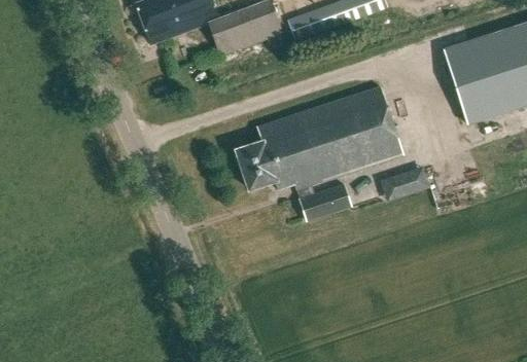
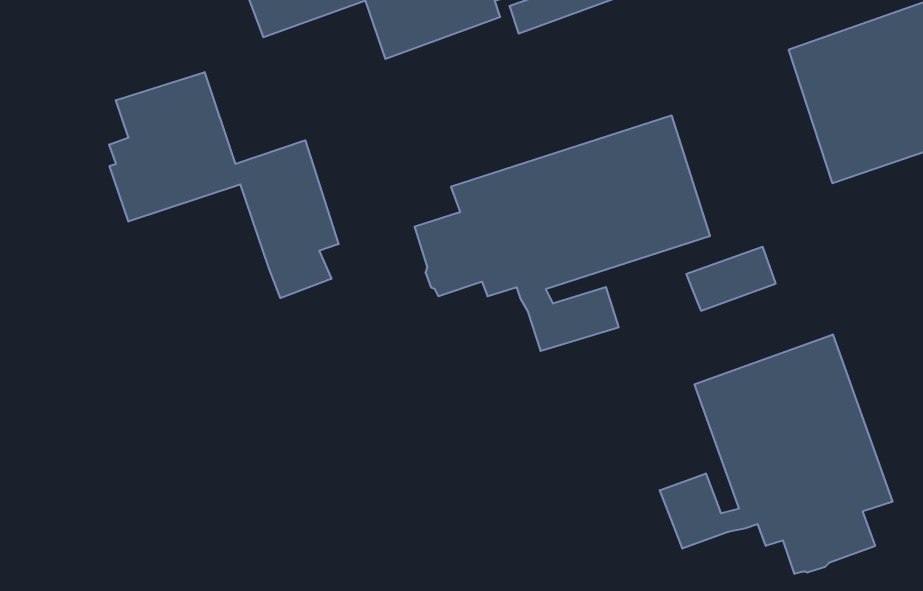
building: none -> [109,72,339,298]
building: none -> [660,334,893,574]

